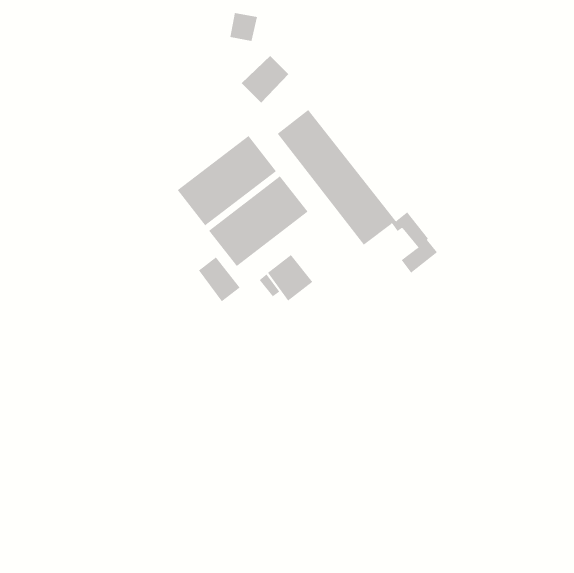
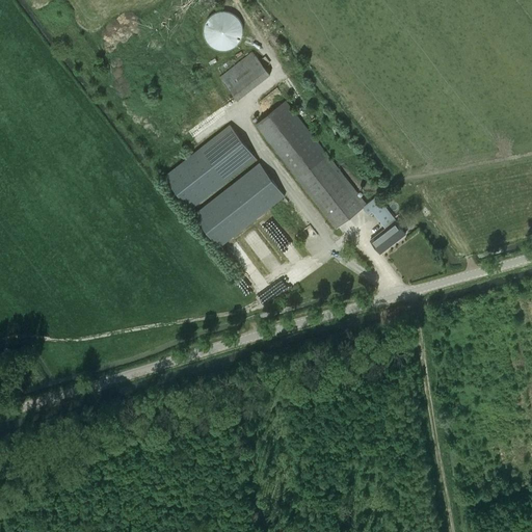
building: [267,254,313,301] -> none
building: [198,257,241,302] -> none

